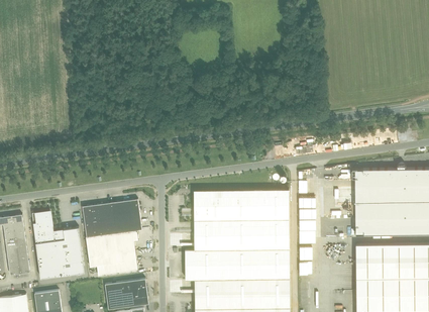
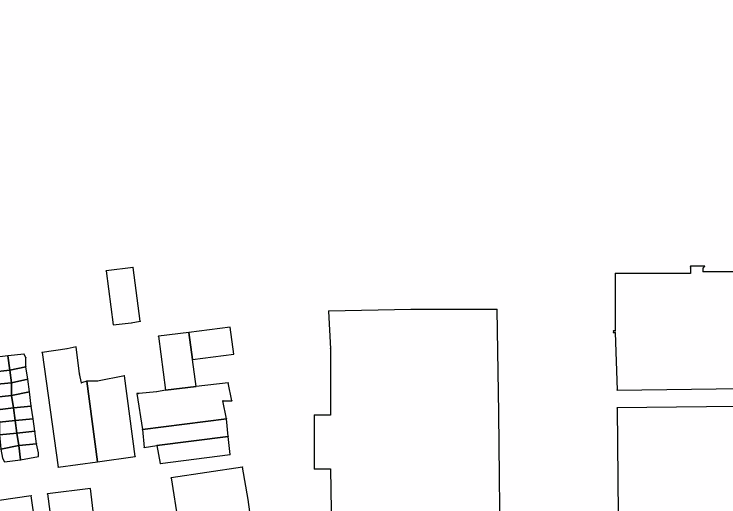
building: [82,205,101,237] -> [106,267,140,325]
building: [116,215,141,233] -> none

